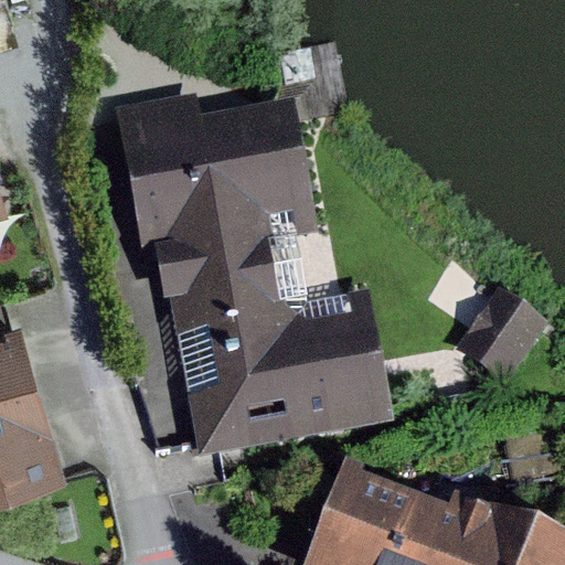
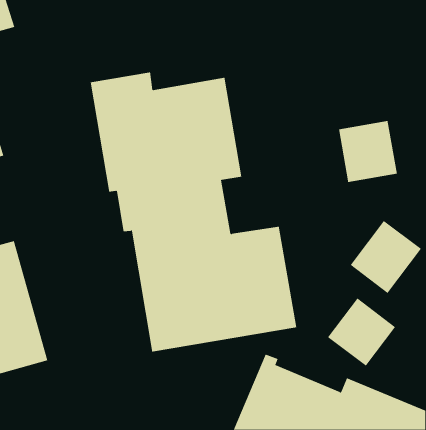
building: none -> [338,120,397,183]
building: none -> [327,298,396,367]

